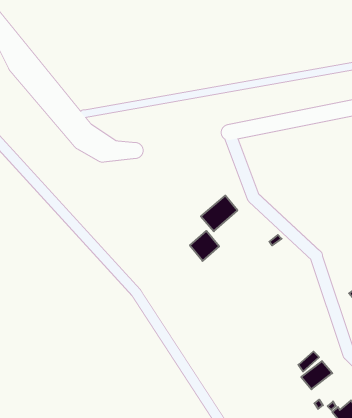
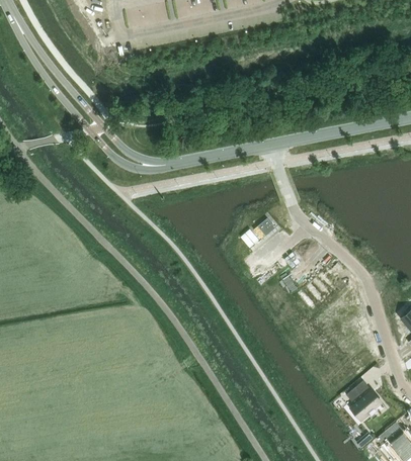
building: [190,231,219,261] -> none

